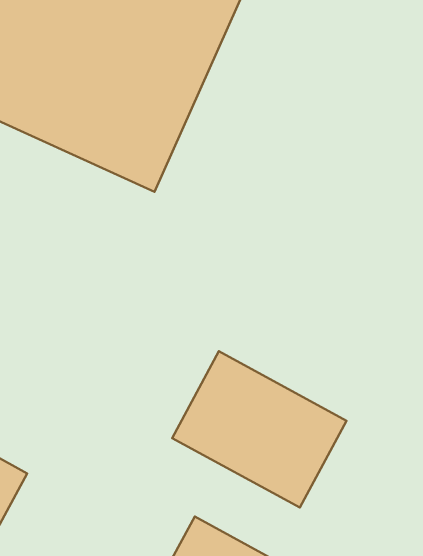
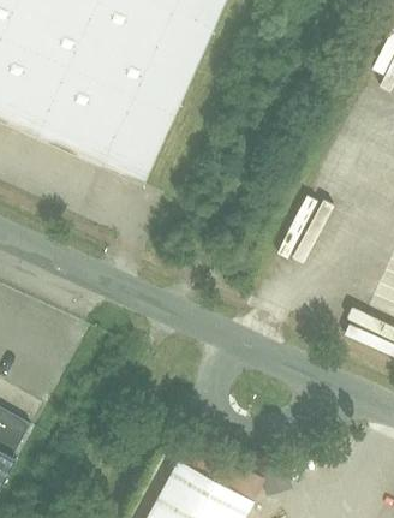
building: [172,351,347,508] -> none

